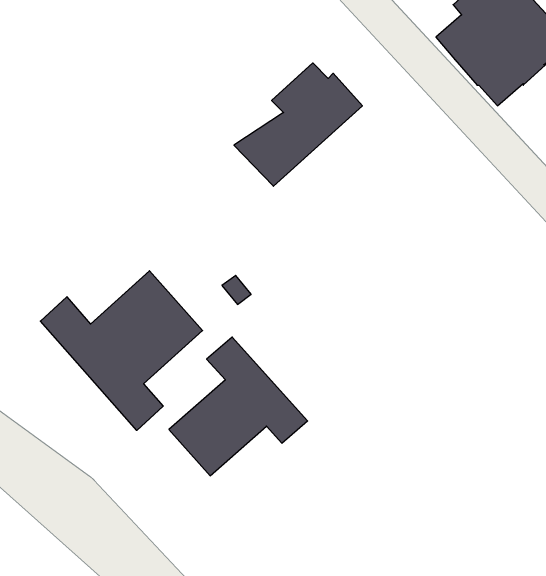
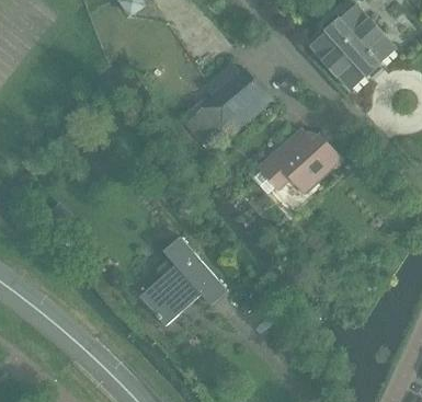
building: none -> [259,133,341,192]
building: [40,271,203,430] -> none

